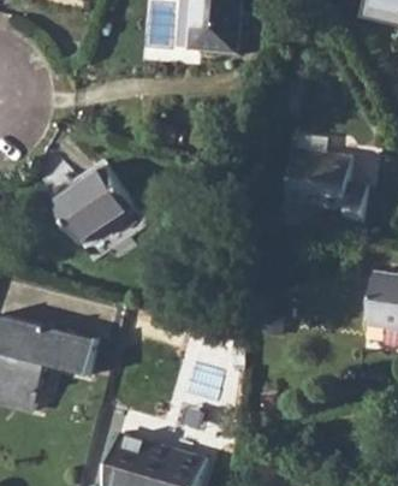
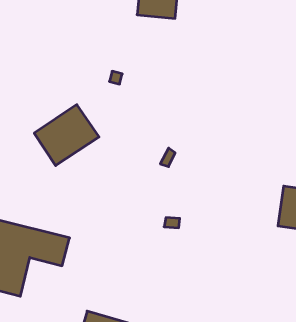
building: [286,135,367,224] -> none

